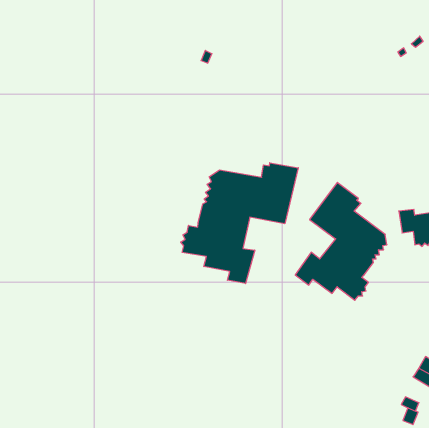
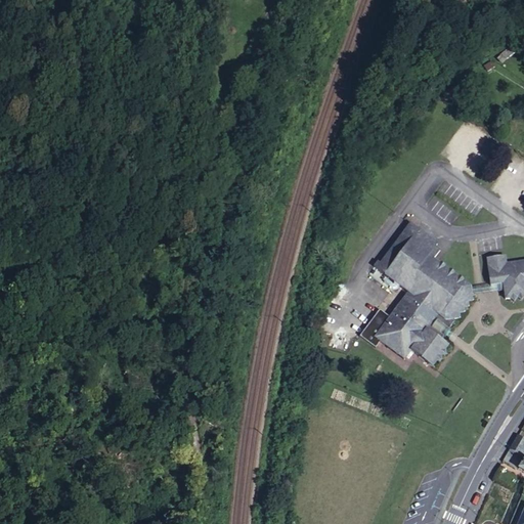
building: [181,163,298,284] -> none

